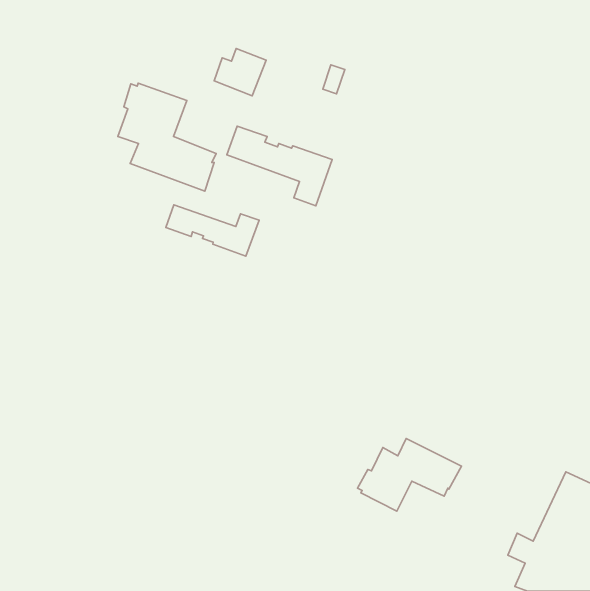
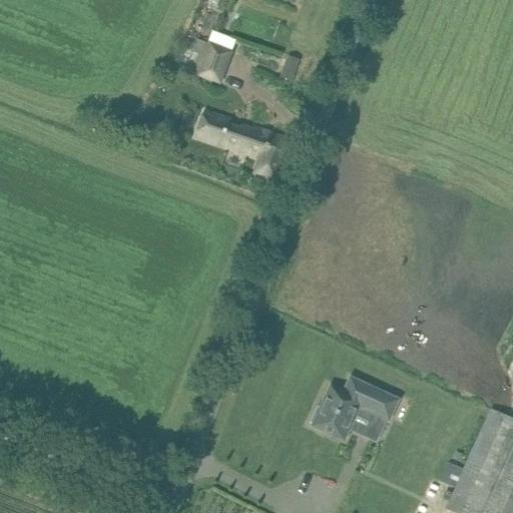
building: [118,83,216,191] -> none
building: [166,205,259,256] -> none

